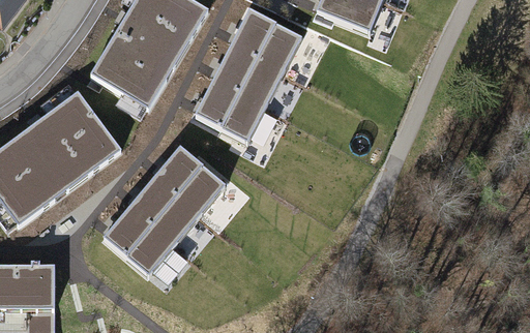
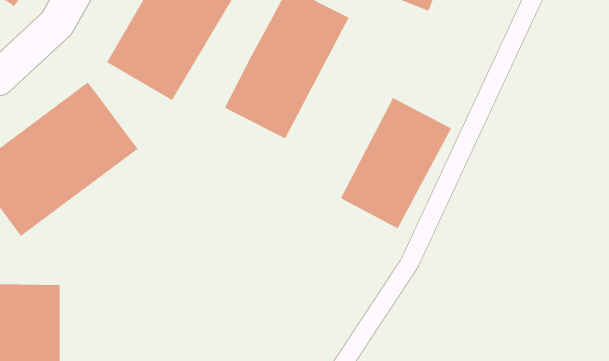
building: none -> [340,97,452,229]
building: [105,149,224,274] -> none

